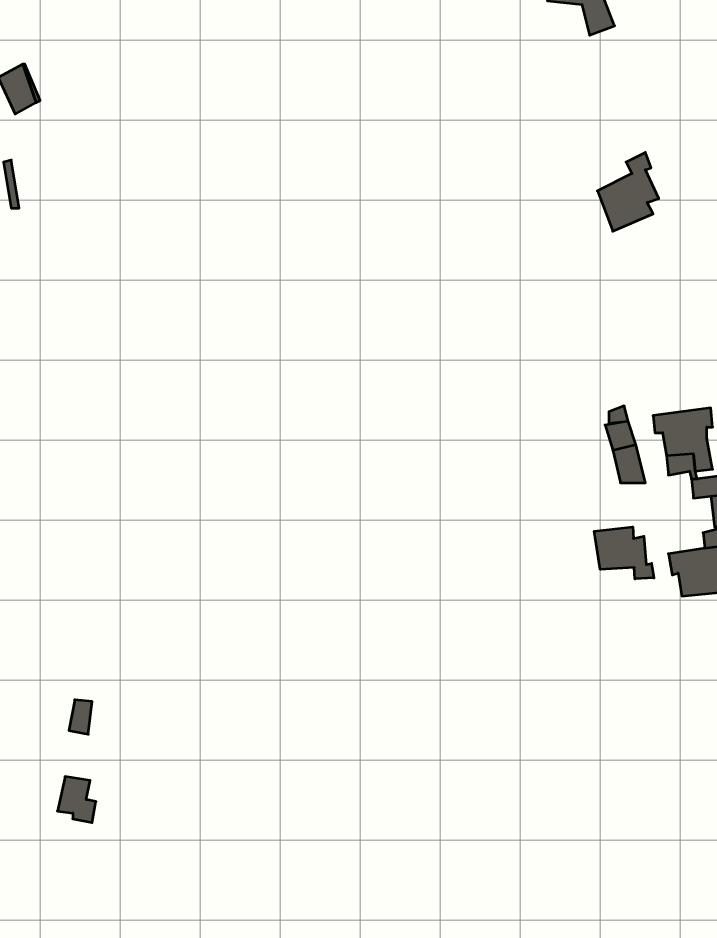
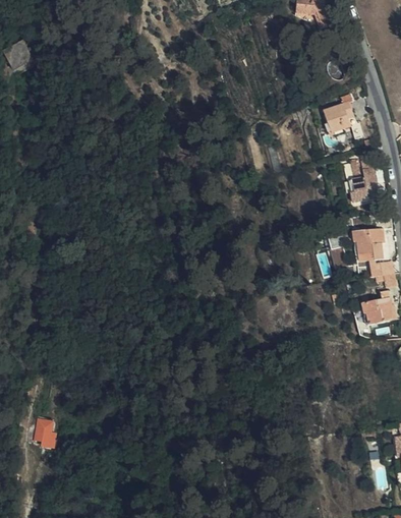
building: none -> [348,163,374,200]
building: [594,527,654,579] -> none

